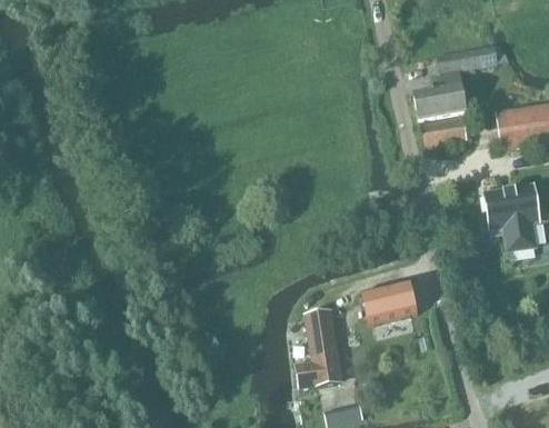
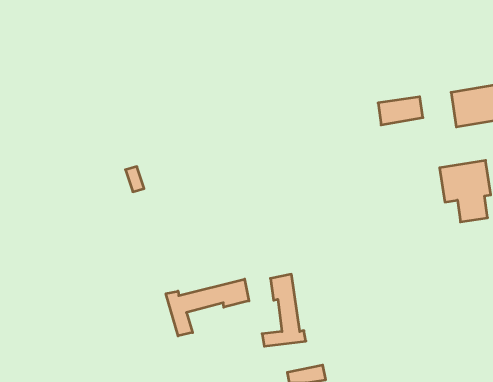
building: [415,46,498,119] -> none
building: [362,281,416,325] -> none
building: none -> [166,279,249,336]

